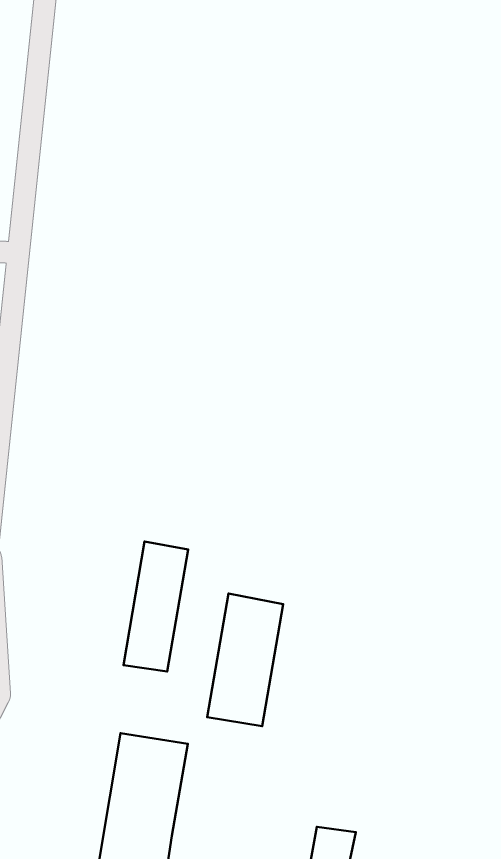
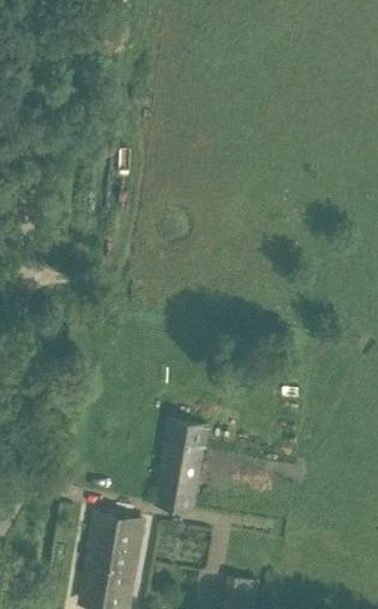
building: [123,541,188,671] -> none

